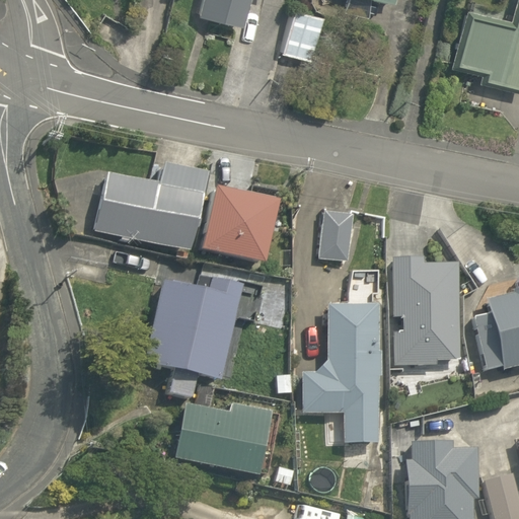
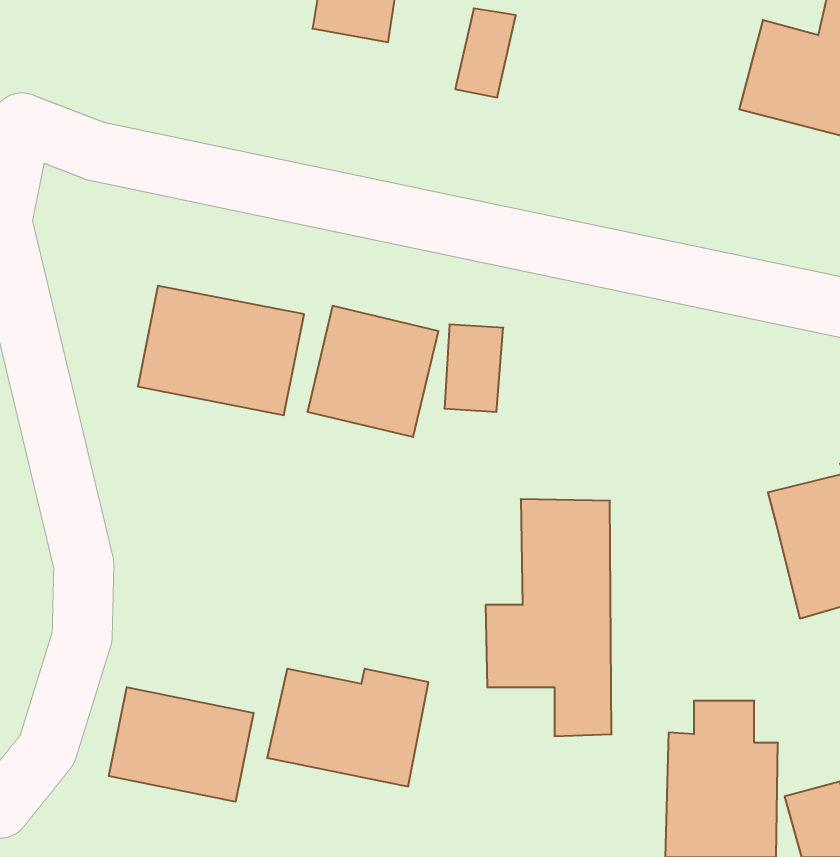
building: [321,210,357,263] -> [444,324,503,412]
building: [390,220,462,374] -> none
building: [141,270,243,398] -> none
building: none -> [109,687,254,802]

